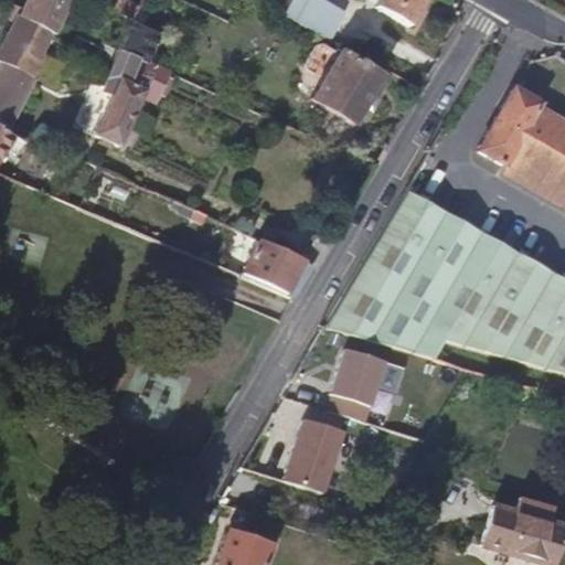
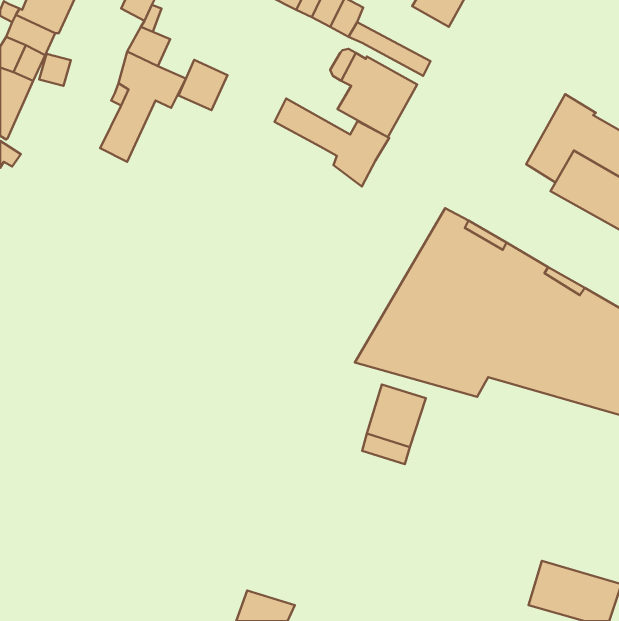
building: none -> [179,60,228,110]
building: none -> [275,99,389,187]
building: [244,239,316,299] -> none
building: [290,416,348,487] -> none

